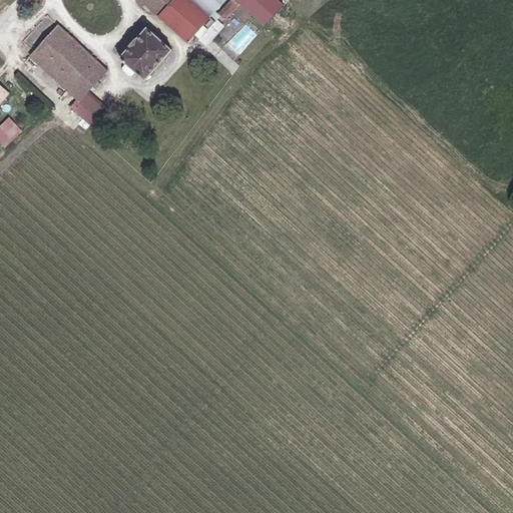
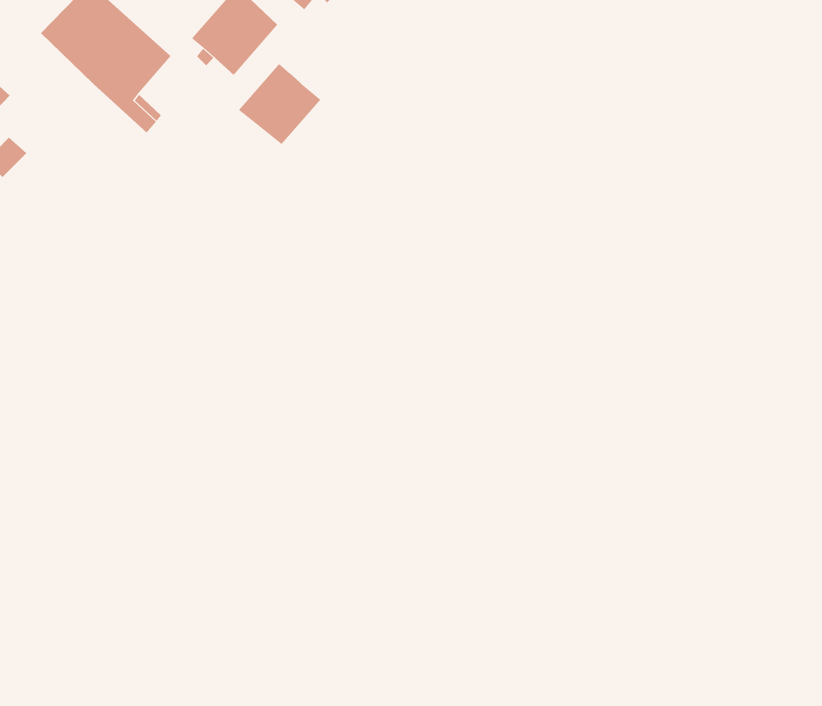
building: none -> [238,63,321,145]

